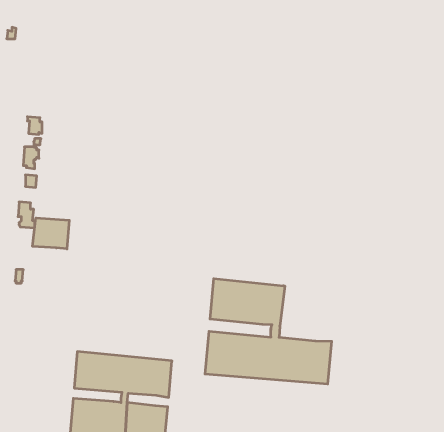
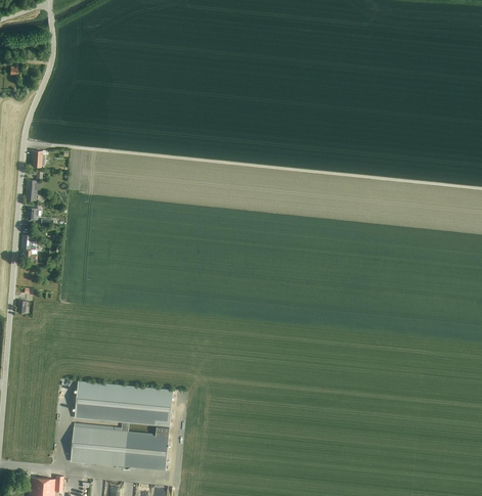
building: [33,218,69,249] -> none
building: [205,279,332,384] -> none

